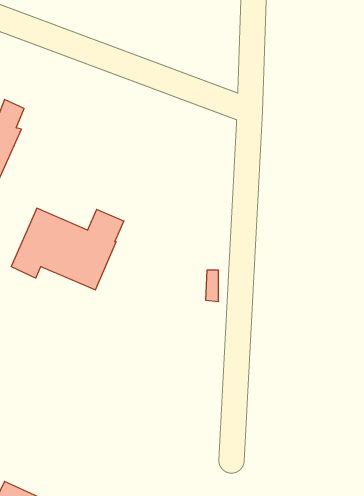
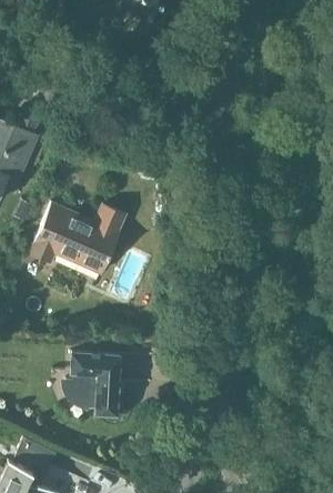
building: none -> [64,352,122,420]

